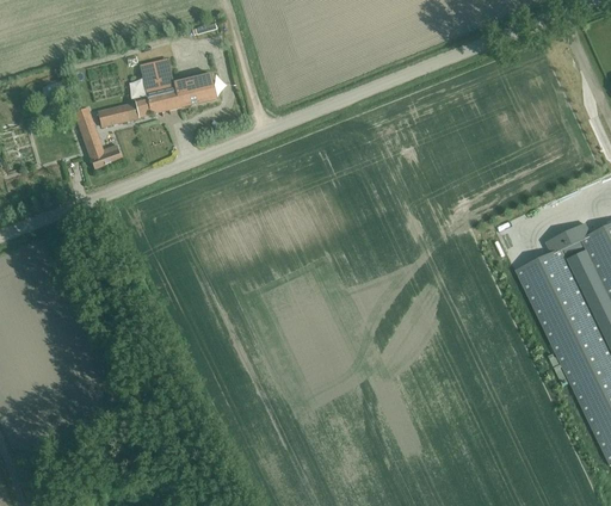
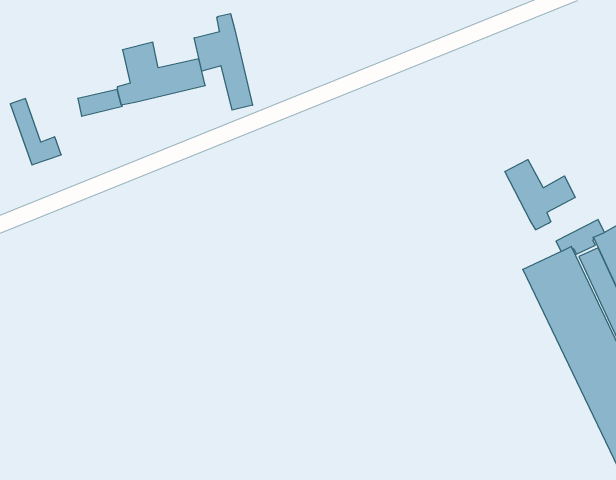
building: none -> [194,14,253,110]
building: [74,106,122,168] -> [10,99,61,165]
building: none -> [505,160,575,230]

